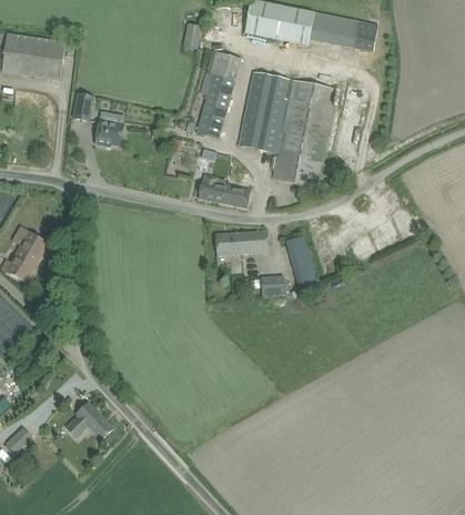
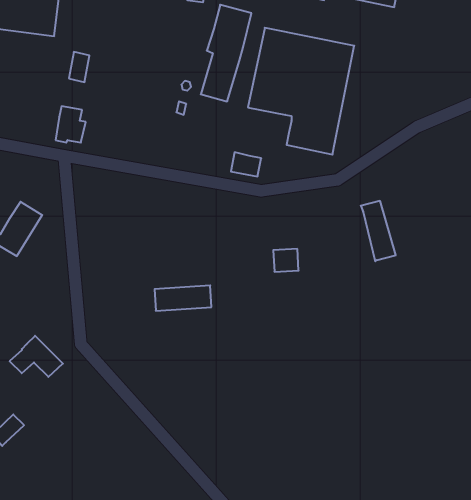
building: [95,112,123,145] -> [56,106,86,143]
building: [199,175,225,203] -> none
building: [215,231,267,254] -> [155,285,211,311]
building: [285,236,317,292] -> [361,201,396,261]
building: [64,402,113,440] -> [10,336,63,377]

